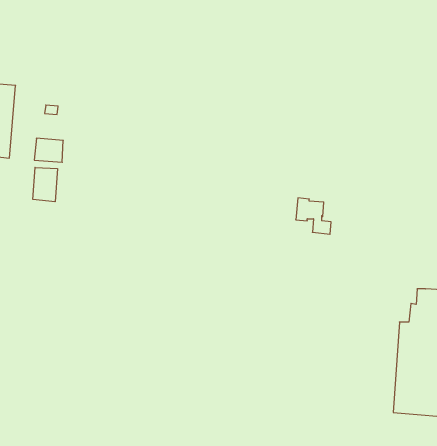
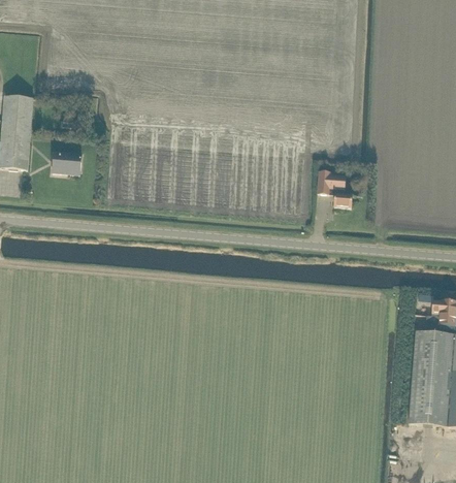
building: [33,167,57,202] -> none
building: [296,198,331,234] -> [317,170,352,206]

